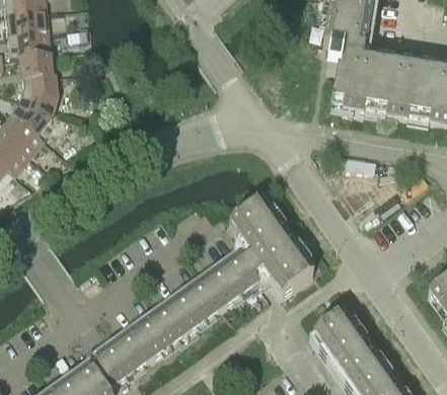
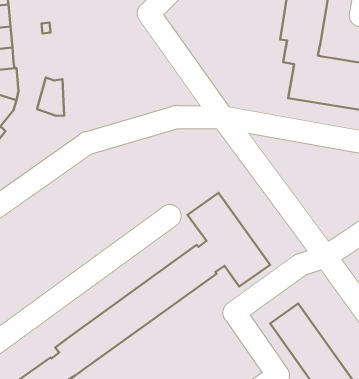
building: none -> [37,77,64,116]

